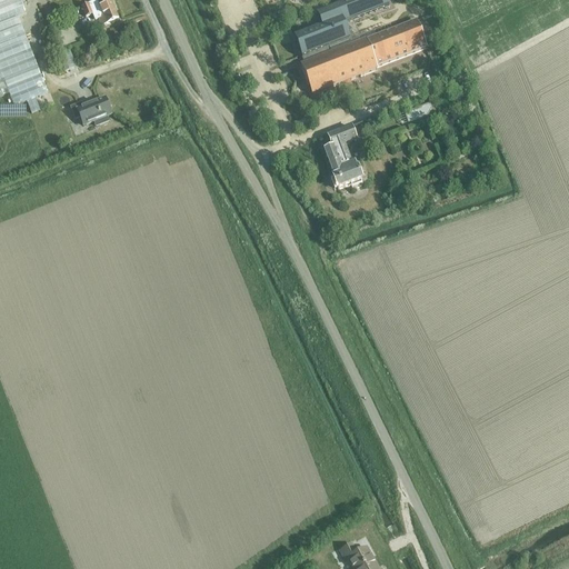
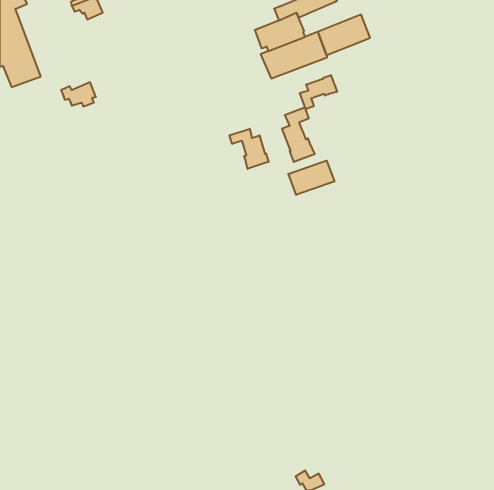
building: none -> [300,75,337,109]
building: none -> [229,129,269,169]
building: none -> [288,161,334,195]

